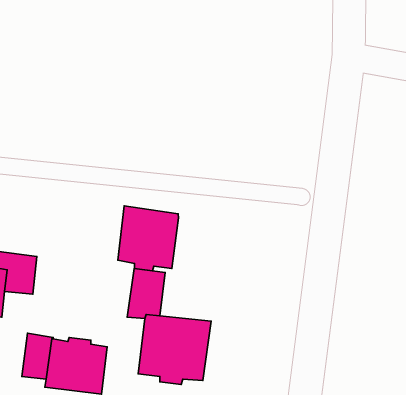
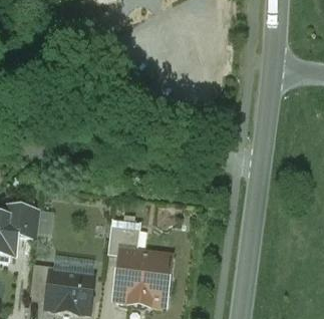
building: [118,206,178,271] -> none

